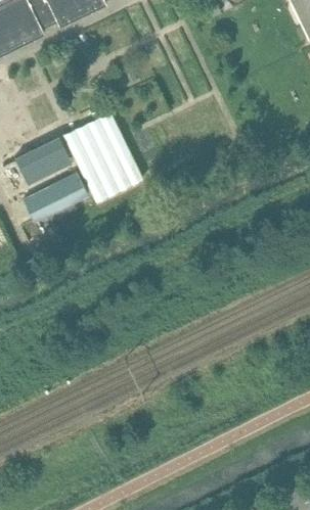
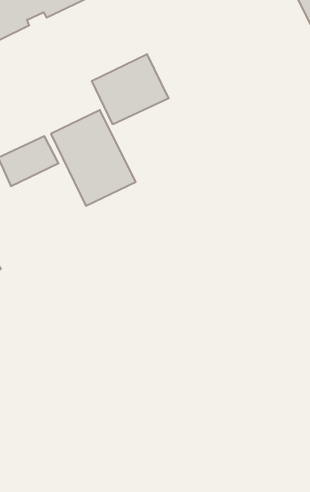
building: none -> [92,54,169,124]
building: [23,173,88,222] -> none

